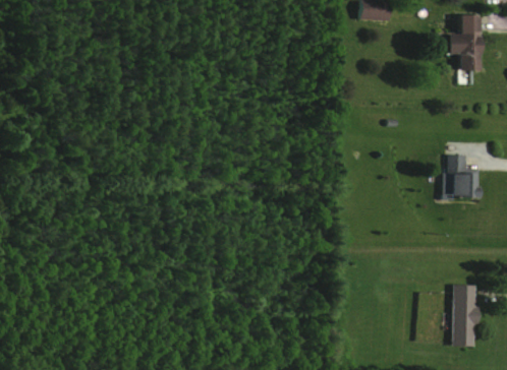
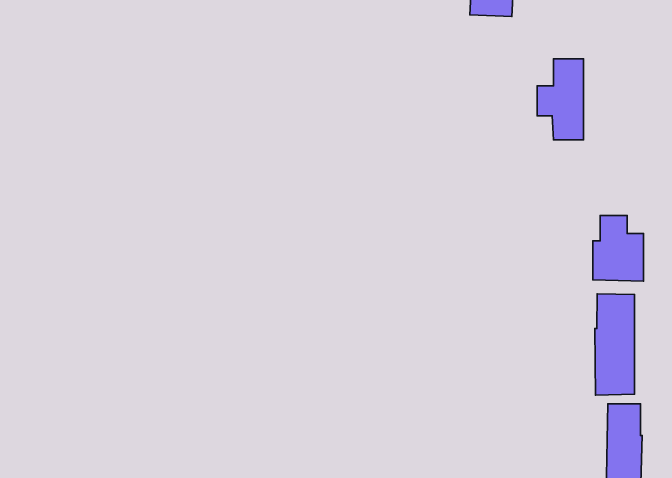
building: [449,15,481,70] -> [537,59,583,140]
building: none -> [595,294,634,395]

